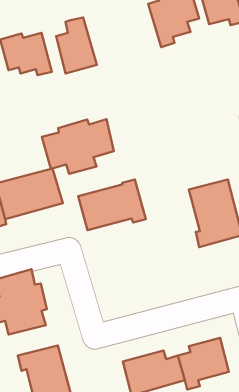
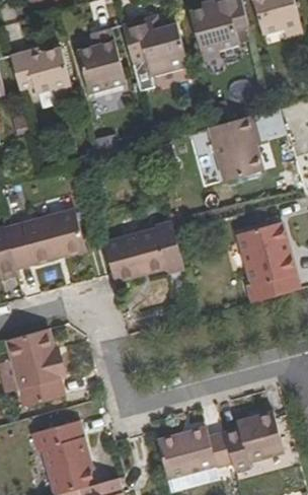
building: none -> [120,16,187,77]
building: none -> [207,116,262,182]
building: [42,119,114,174] -> none

